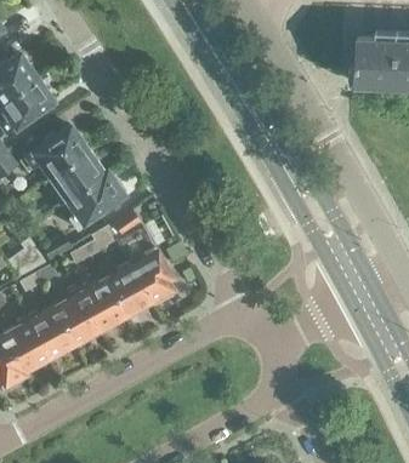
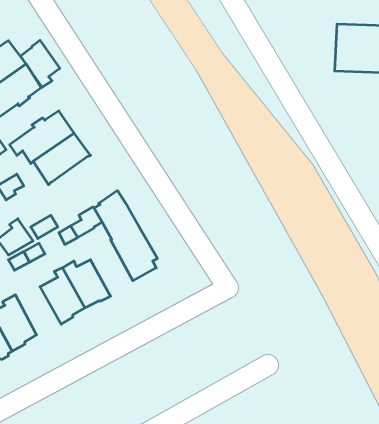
building: none -> [21,40,60,87]
building: [63,170,125,228] -> none
building: [96,253,148,318] -> none
building: [27,308,74,358] -> none

